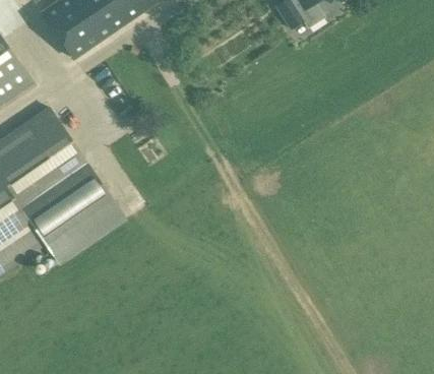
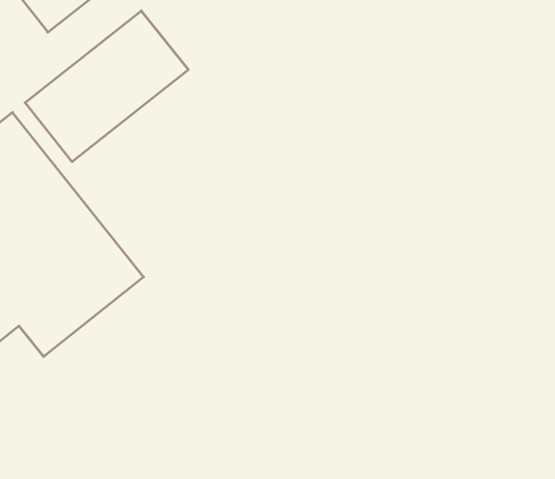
building: none -> [25,11,188,162]

